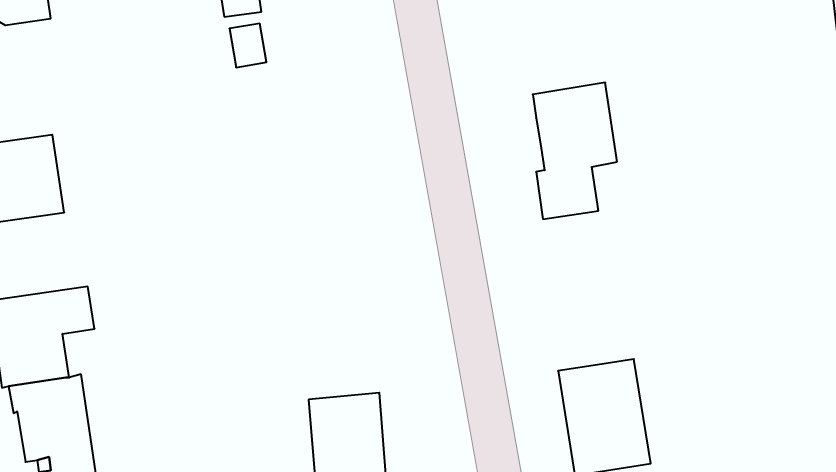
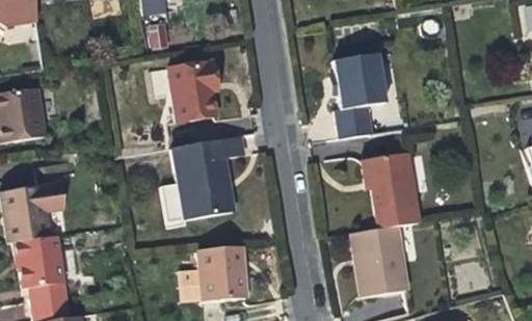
building: none -> [167,60,216,117]
building: none -> [162,136,244,219]
building: none -> [361,152,418,228]

